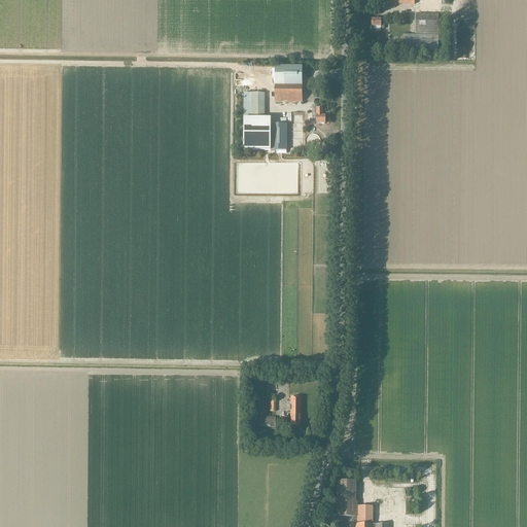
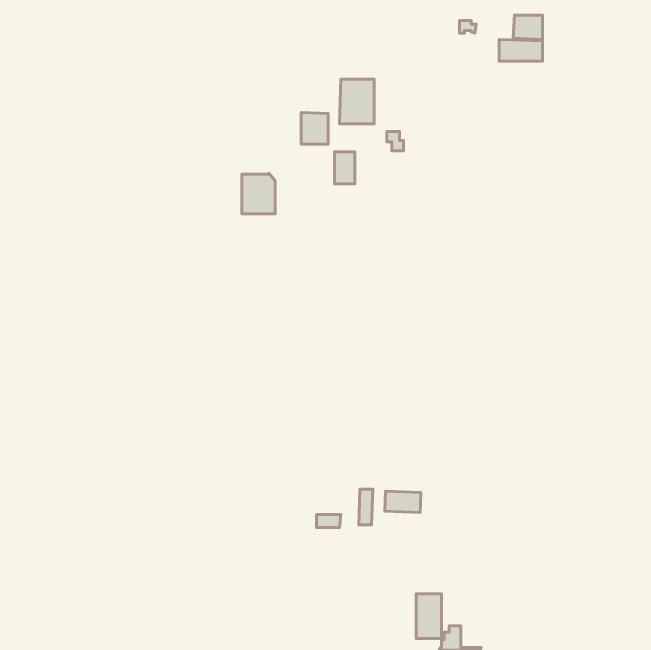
building: [243,115,270,148] -> [242,173,275,214]
building: none -> [385,491,421,512]

